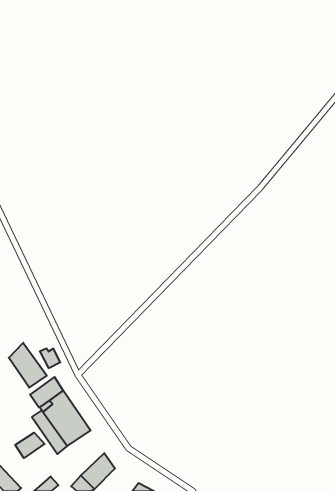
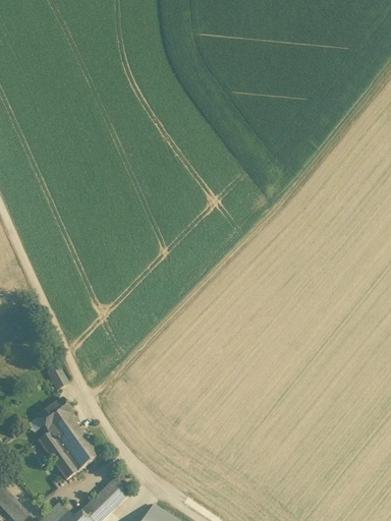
building: [9,343,47,388] -> none
building: [15,433,45,458] -> none

